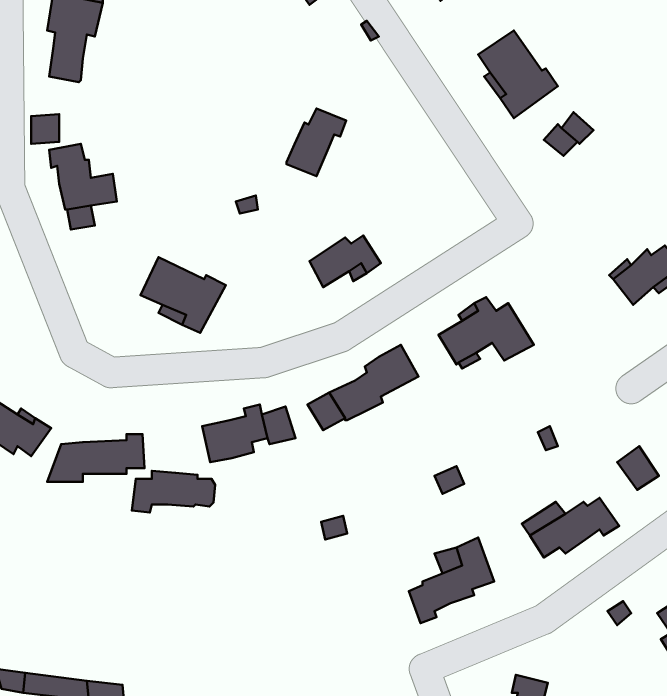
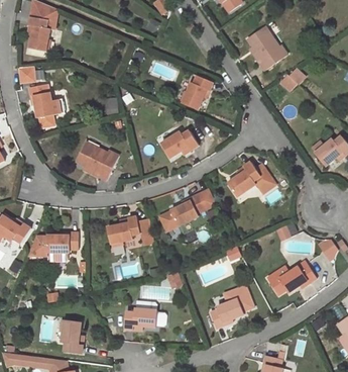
building: [287,109,346,176] -> [182,76,212,110]
building: [132,471,215,513] -> [126,308,168,330]
building: none -> [63,319,84,354]

